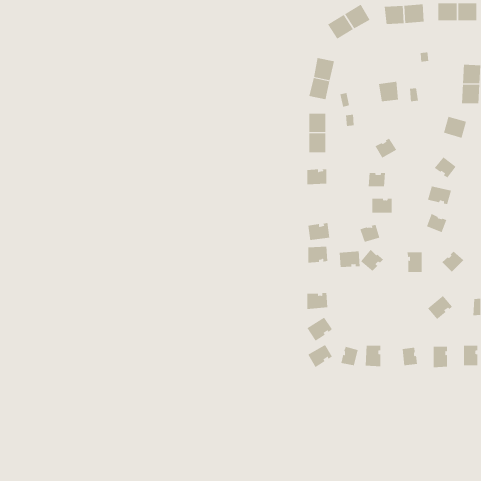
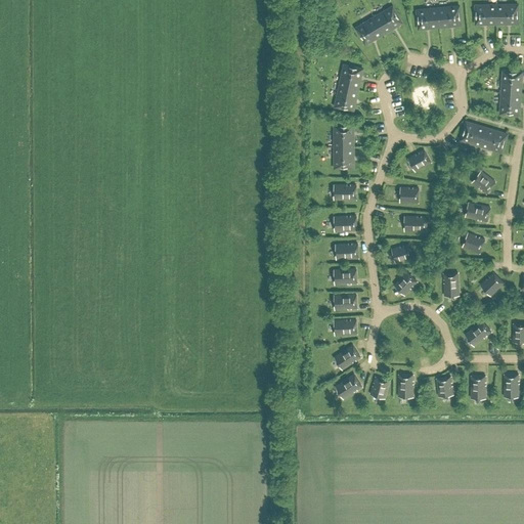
building: none -> [461,120,486,144]
building: none -> [333,214,356,231]
building: [339,251,361,268] -> [333,292,356,310]

